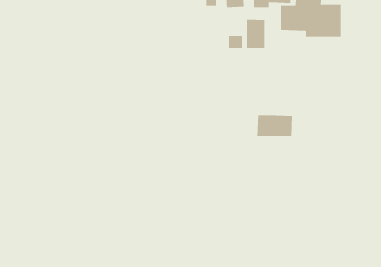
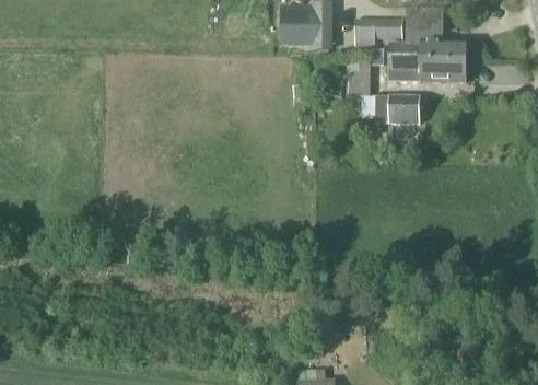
building: [257,115,293,137] -> [373,95,419,122]

